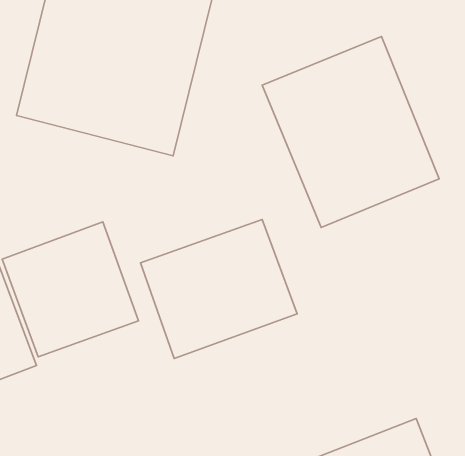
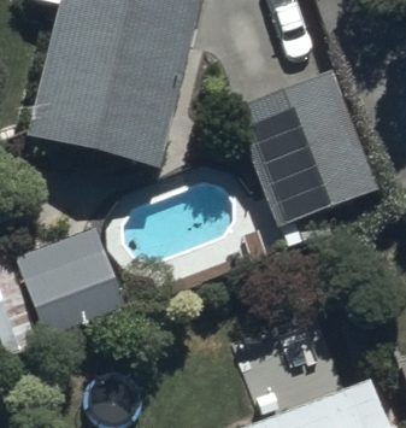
building: [141,219,297,358] -> none

